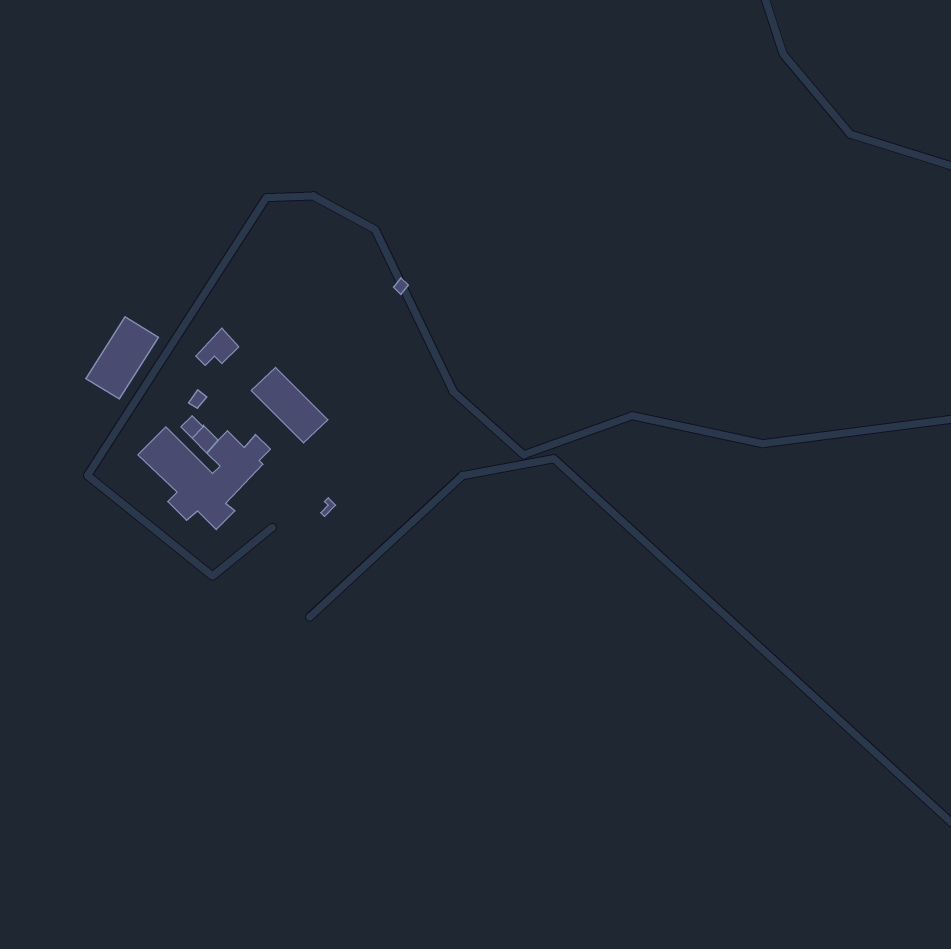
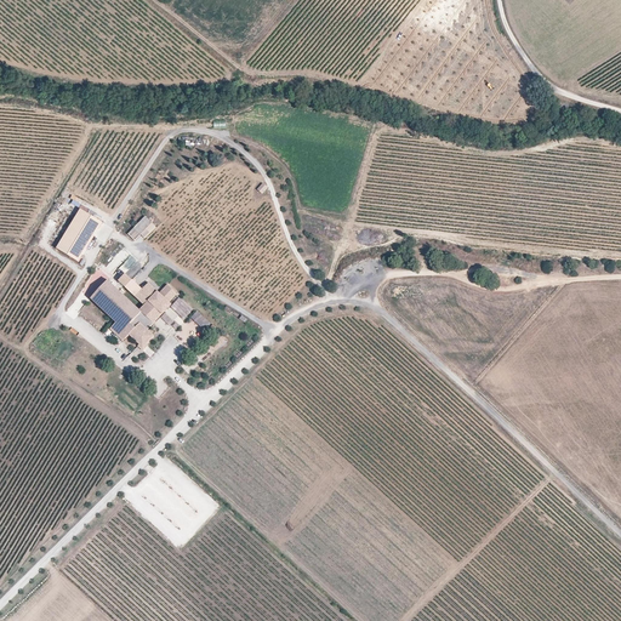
building: [251,367,328,443] -> none

